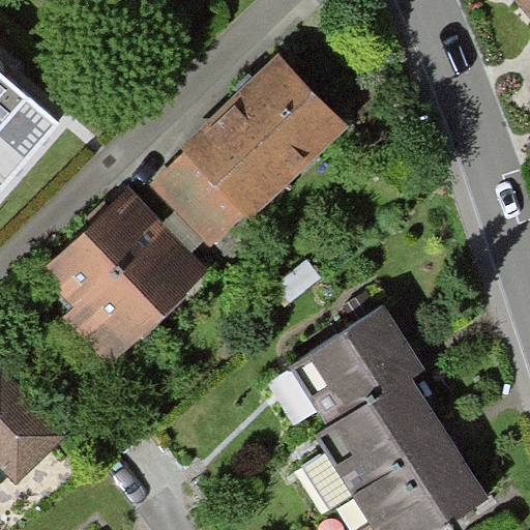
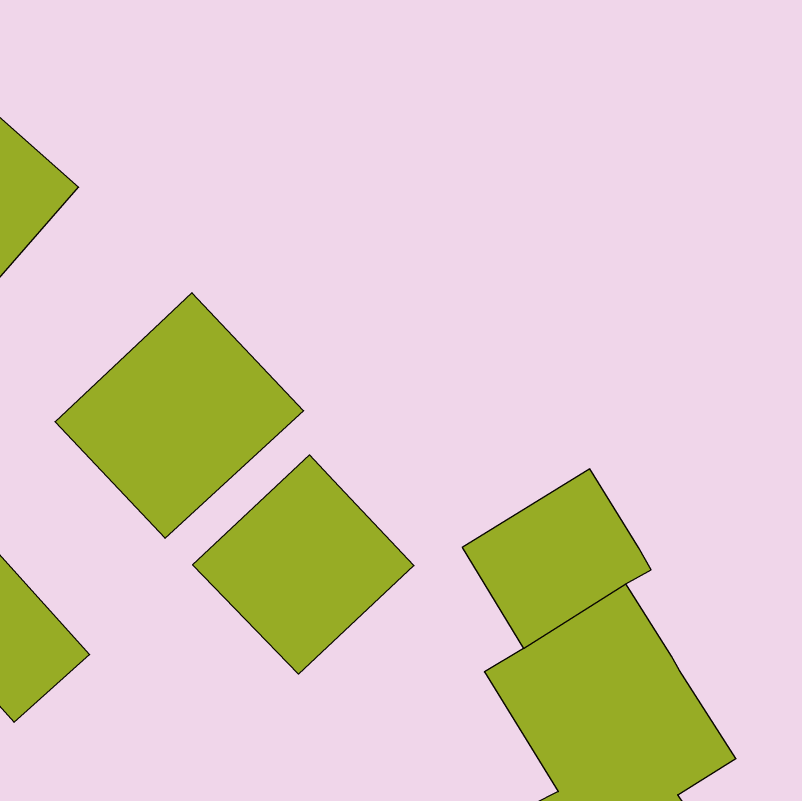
building: [155,58,344,243] -> none
building: none -> [193,455,414,674]

